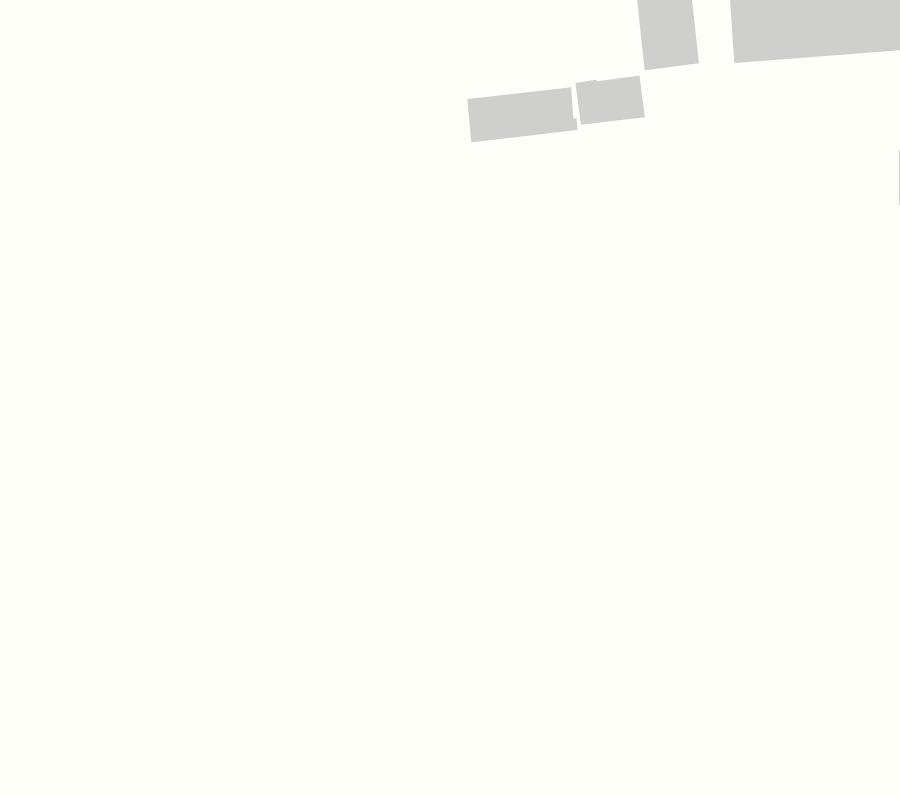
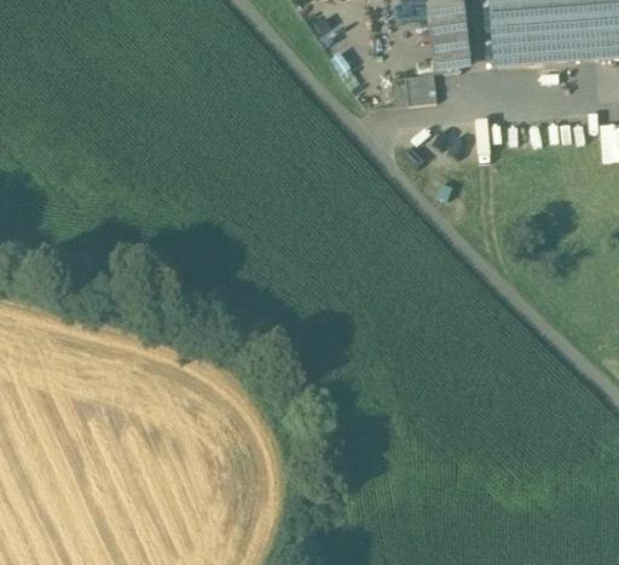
building: [467,86,579,143] -> none

